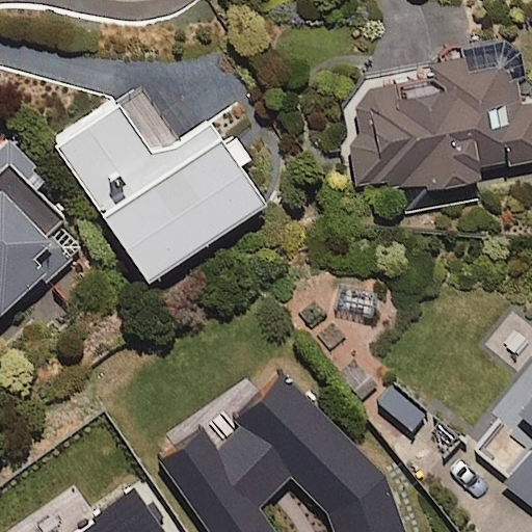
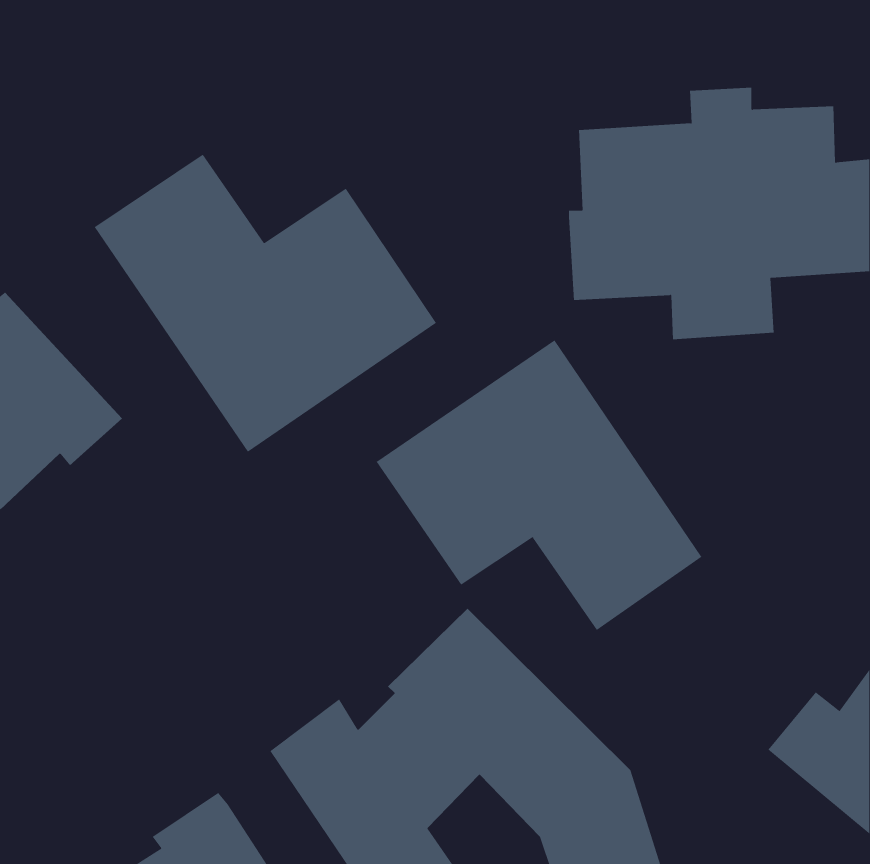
building: none -> [376,340,702,631]

